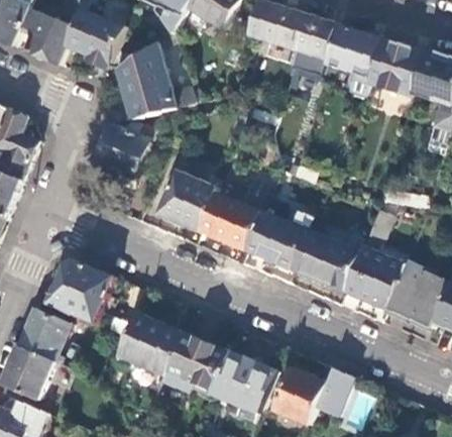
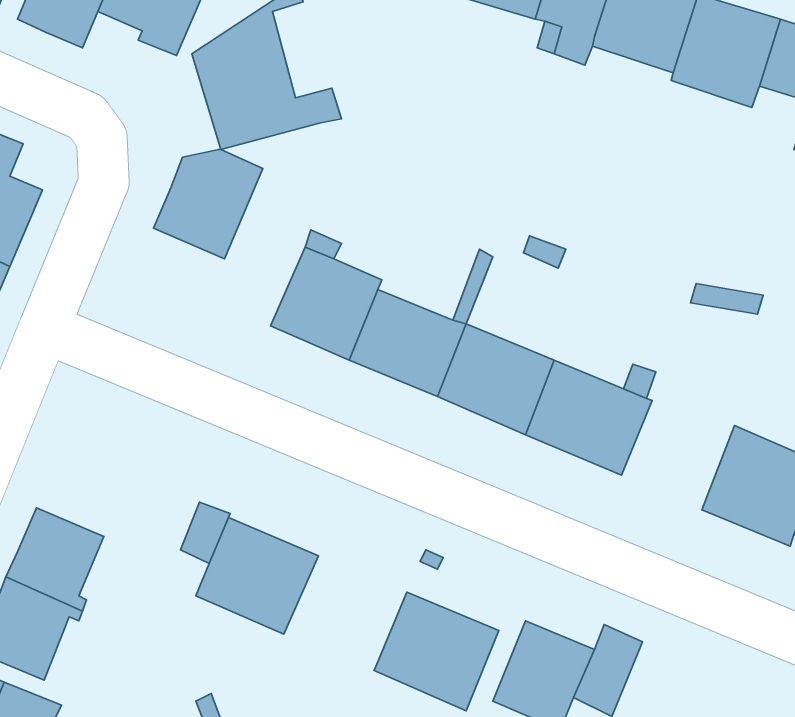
building: [341,211,401,309] -> none
building: [46,260,112,323] -> none
building: [161,333,228,396] -> none

